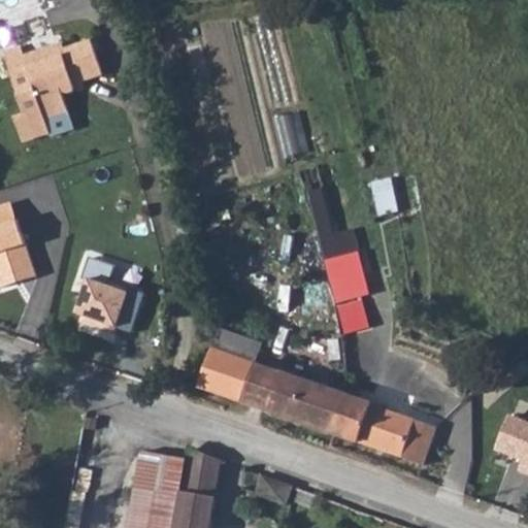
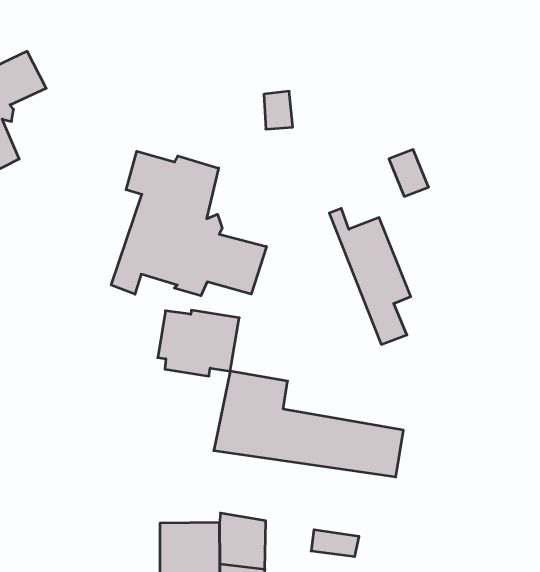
building: none -> [111,151,266,296]
building: [73,275,143,333] -> [158,310,239,376]
building: [333,396,436,464] -> none

